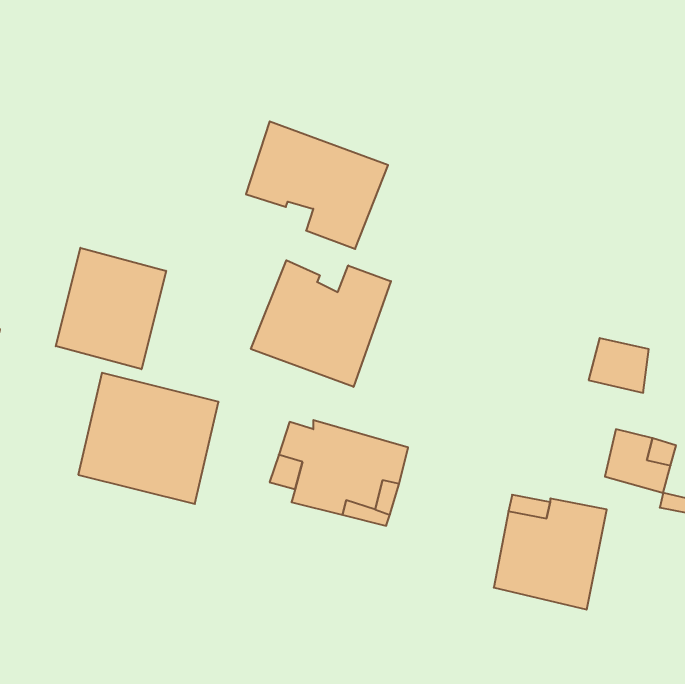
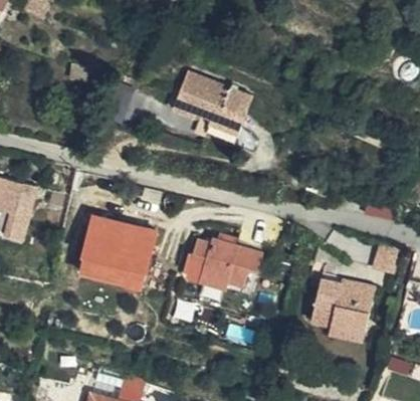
building: [56,248,166,369] -> none
building: [251,260,391,387] -> none

